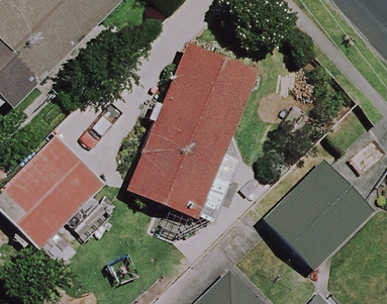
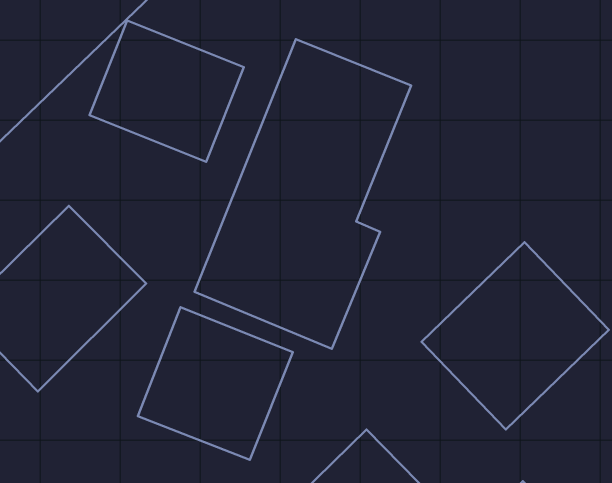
building: none -> [90,20,244,162]
building: none -> [138,307,293,460]

